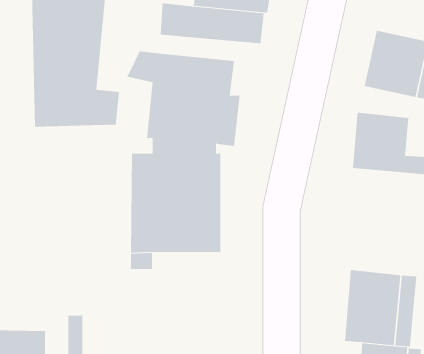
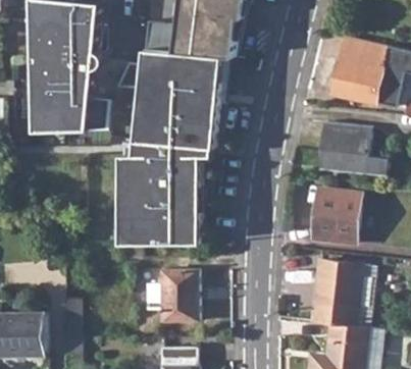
building: none -> [145,49,226,103]
building: none -> [311,187,359,246]
building: none -> [160,269,199,321]

